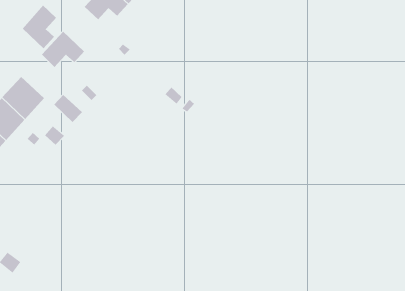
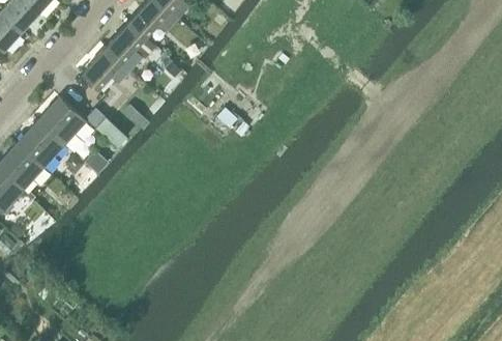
building: [22,5,57,49] -> [106,23,144,72]

